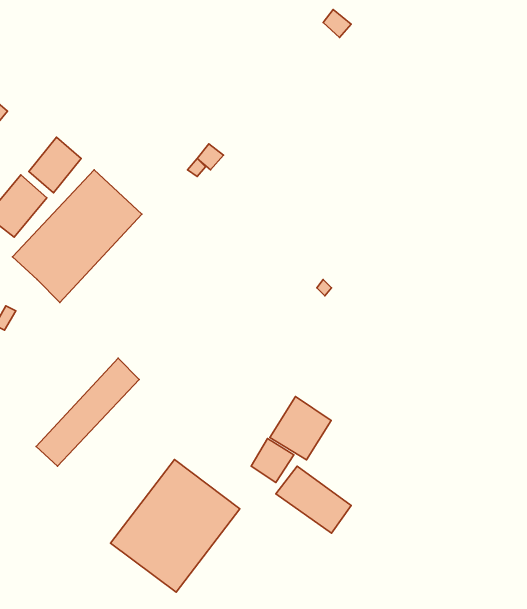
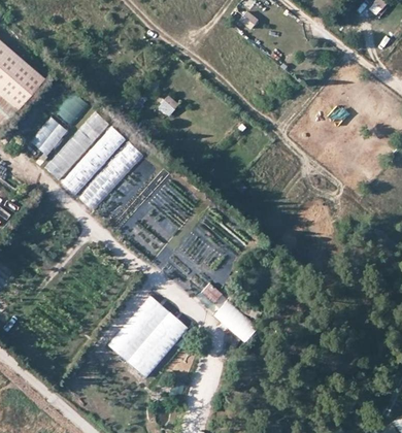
building: [36,358,139,466] -> [78,143,143,211]
building: [270,396,331,460] -> none

